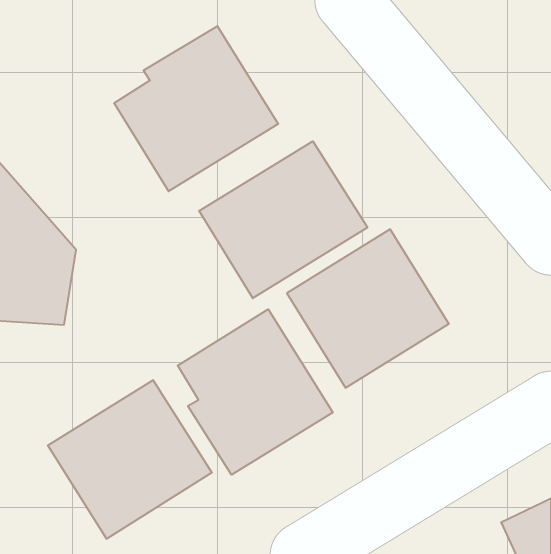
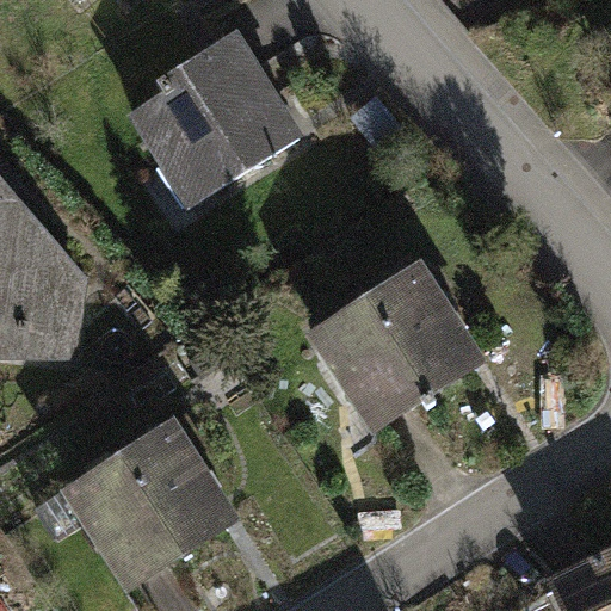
building: [199,141,367,298] -> none
building: [178,309,333,475] -> none

